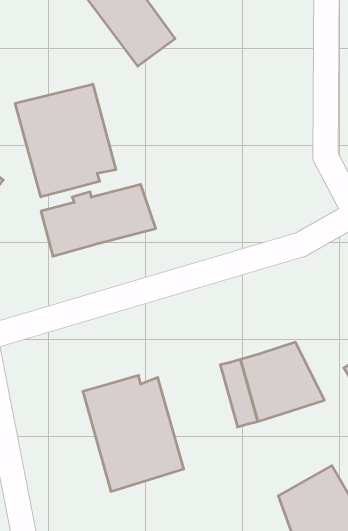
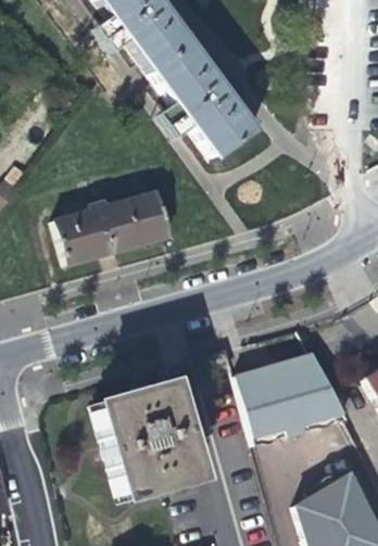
building: none -> [156,46,256,157]
building: [15,84,116,197] -> none

